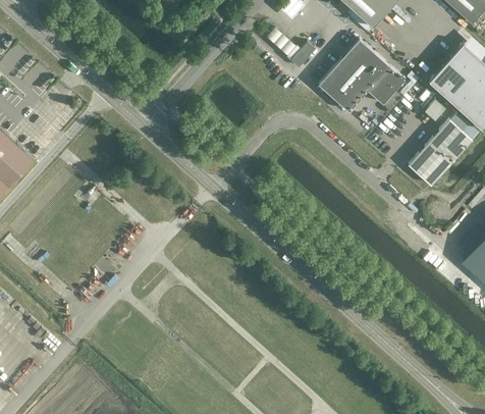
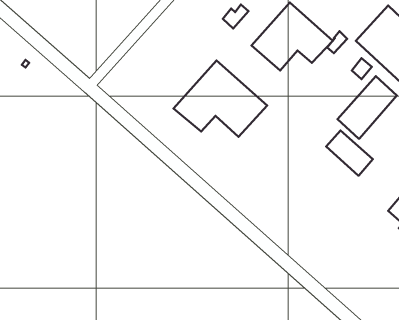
building: none -> [174,60,267,137]
building: none -> [326,130,373,176]

